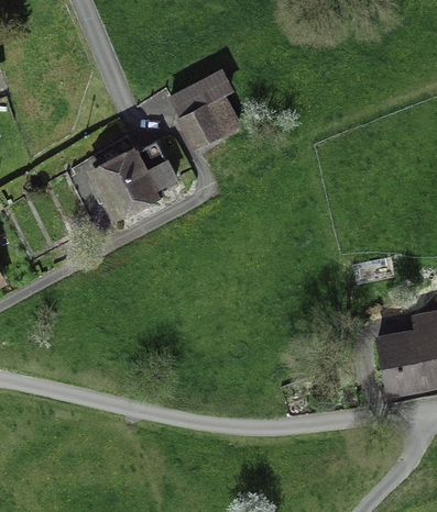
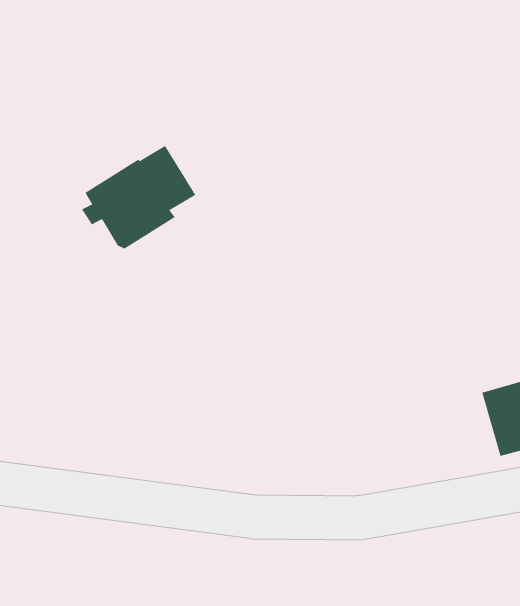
building: [171,71,237,143] -> none

